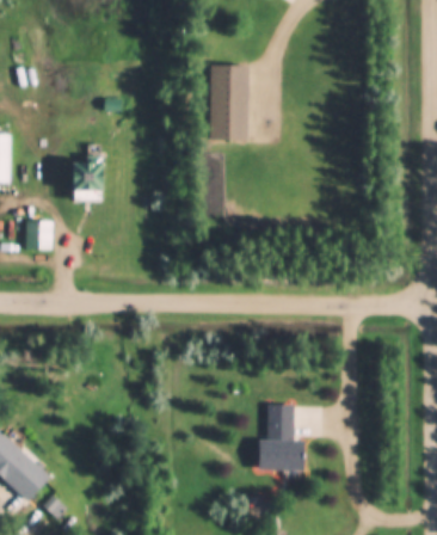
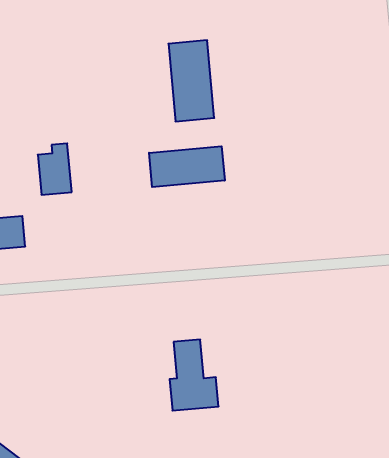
building: none -> [149,146,225,187]
building: [259,404,304,471] -> [170,340,219,411]

